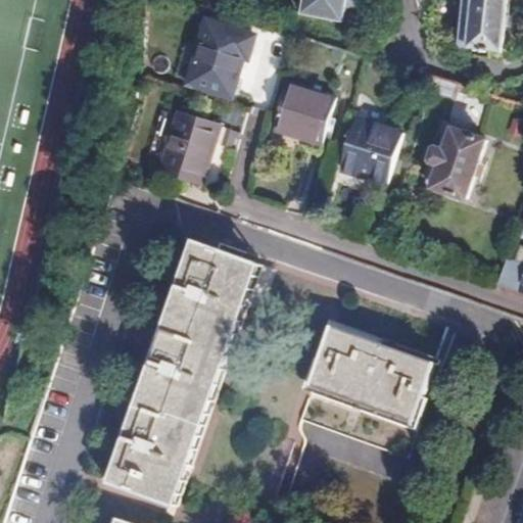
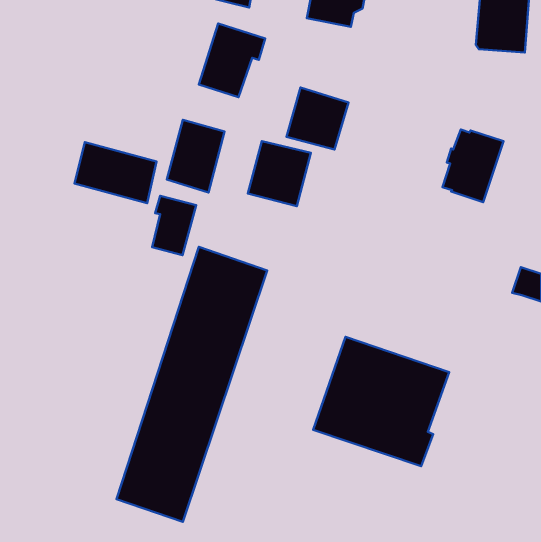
building: [338,116,398,179] -> [248,141,311,206]
building: none -> [75,142,156,203]
building: none -> [152,196,196,255]

